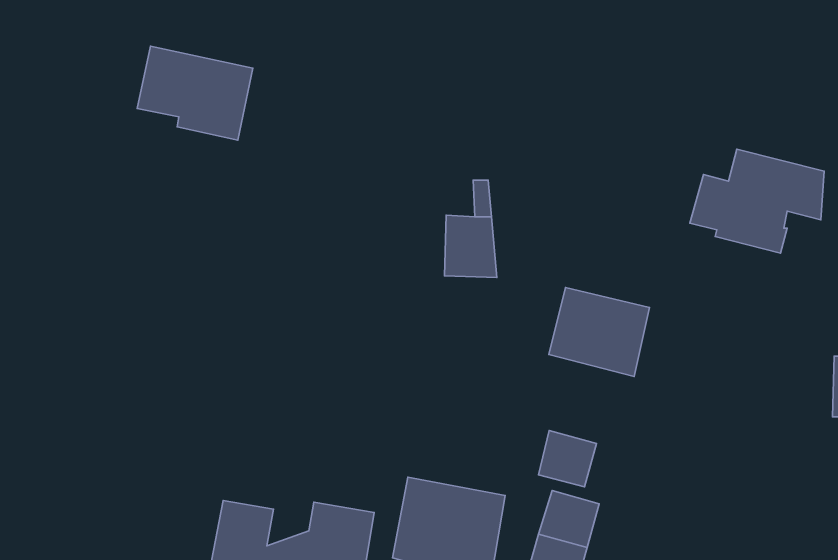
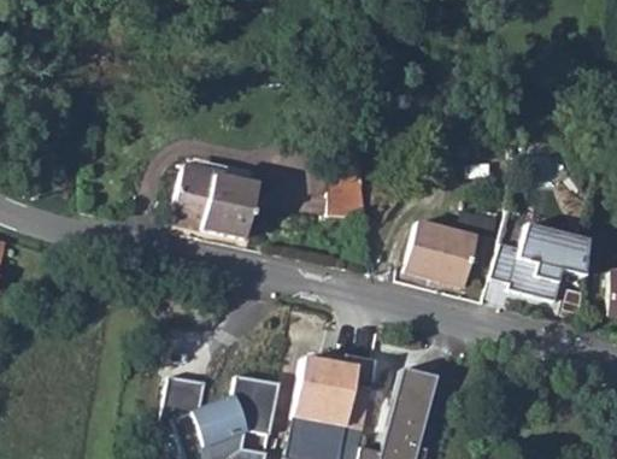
building: [137,46,253,140] -> [174,169,257,236]
building: [690,149,824,253] -> [490,224,587,299]
building: [538,430,597,487] -> none

